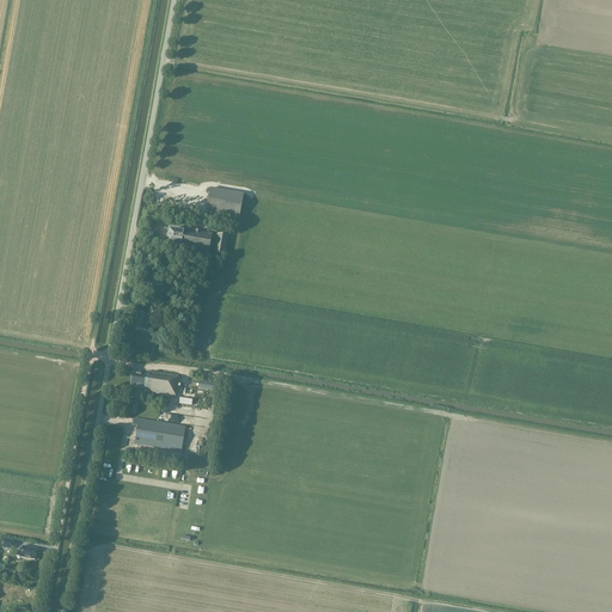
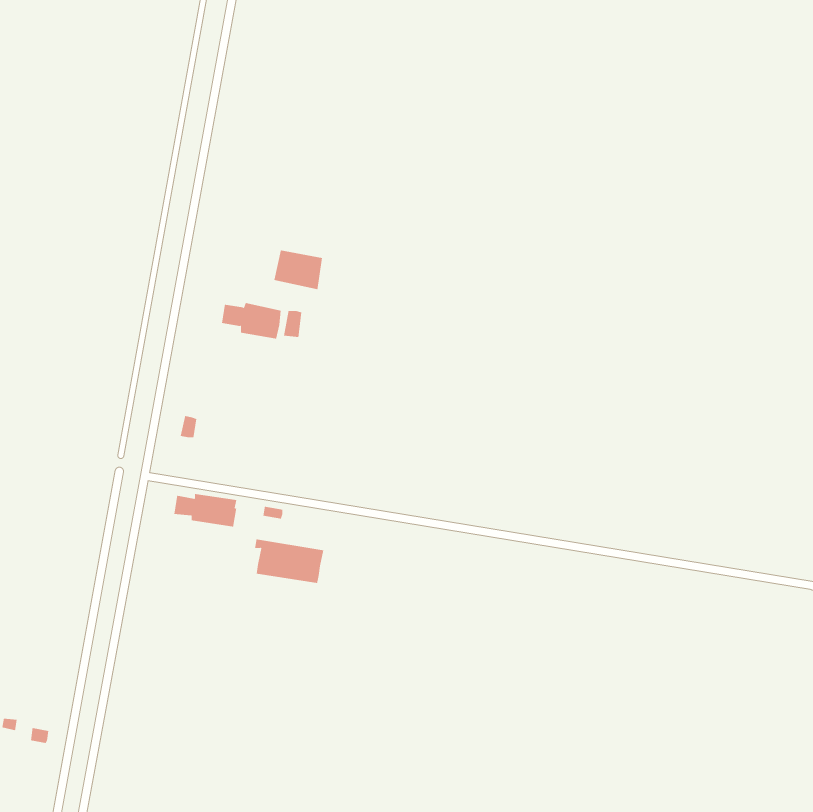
building: [133,417,185,451] -> [254,539,324,583]

